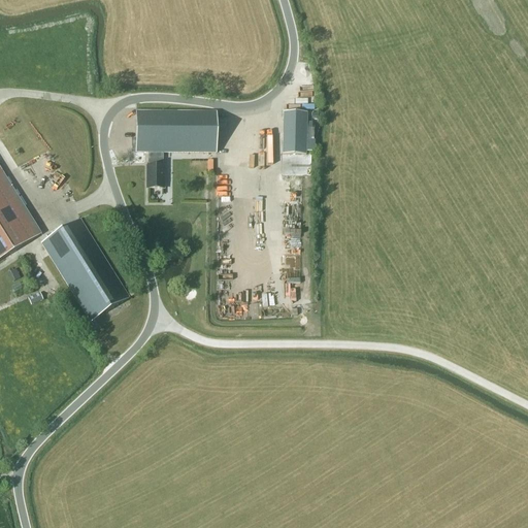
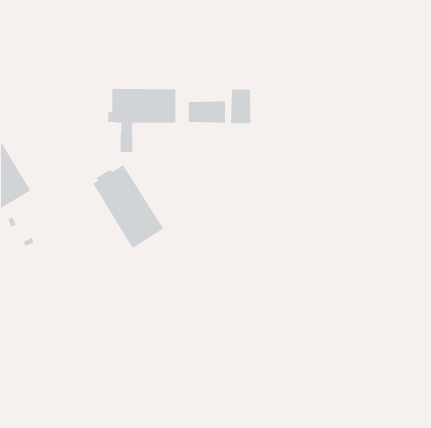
building: none -> [188,101,225,123]
building: [41,217,129,320] -> [92,164,164,249]

